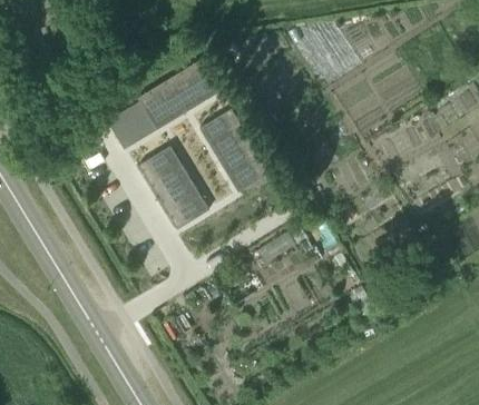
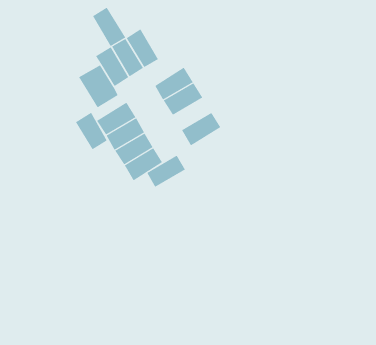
building: [185,59,221,101] -> [92,7,126,47]
building: [218,141,260,176] -> [146,155,186,188]
building: none -> [75,112,107,150]

